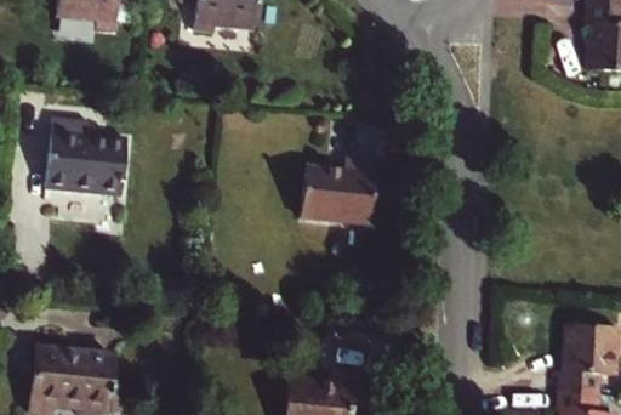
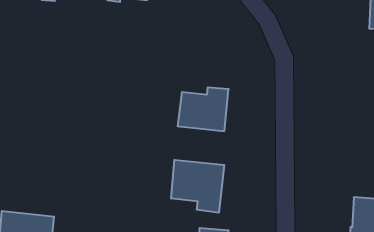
building: [46,118,127,195] -> none
building: none -> [171,160,224,213]

